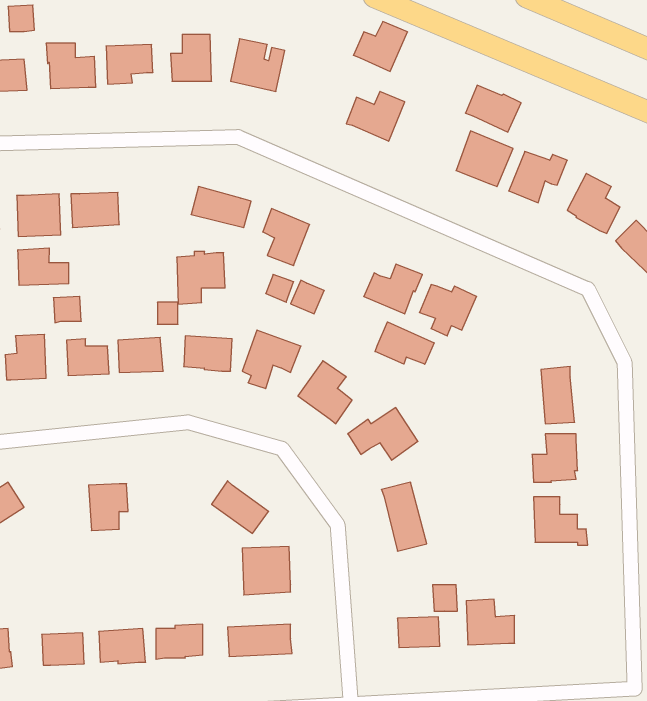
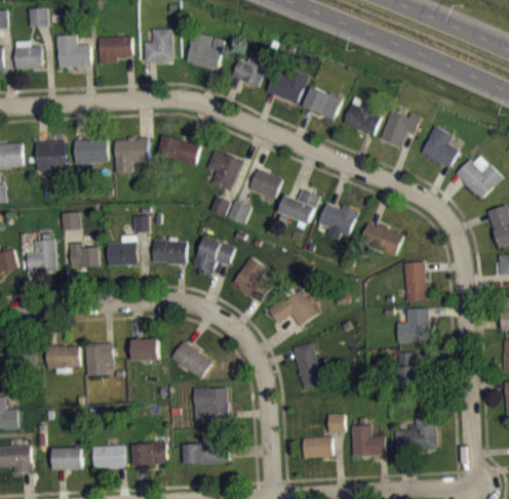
building: [353,22,408,71] -> [232,52,270,87]
building: [465,85,521,132] -> [303,87,342,120]
building: none -> [249,169,282,199]
building: [18,248,69,285] -> none
building: [177,251,225,304] -> [115,136,149,173]
building: none -> [361,223,404,256]
building: [375,322,434,364] -> none
building: none -> [133,339,159,361]
building: none -> [46,344,81,368]
building: none -> [395,417,437,451]

